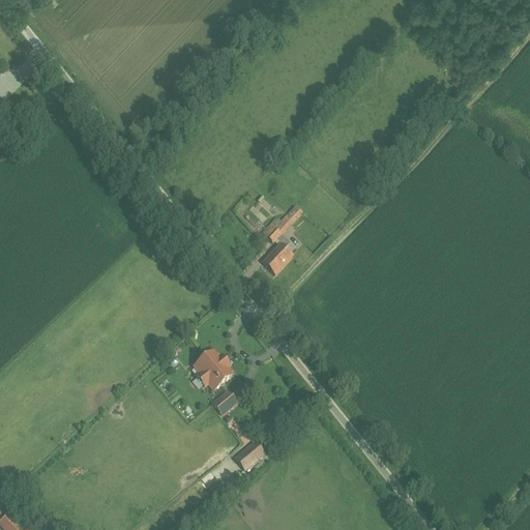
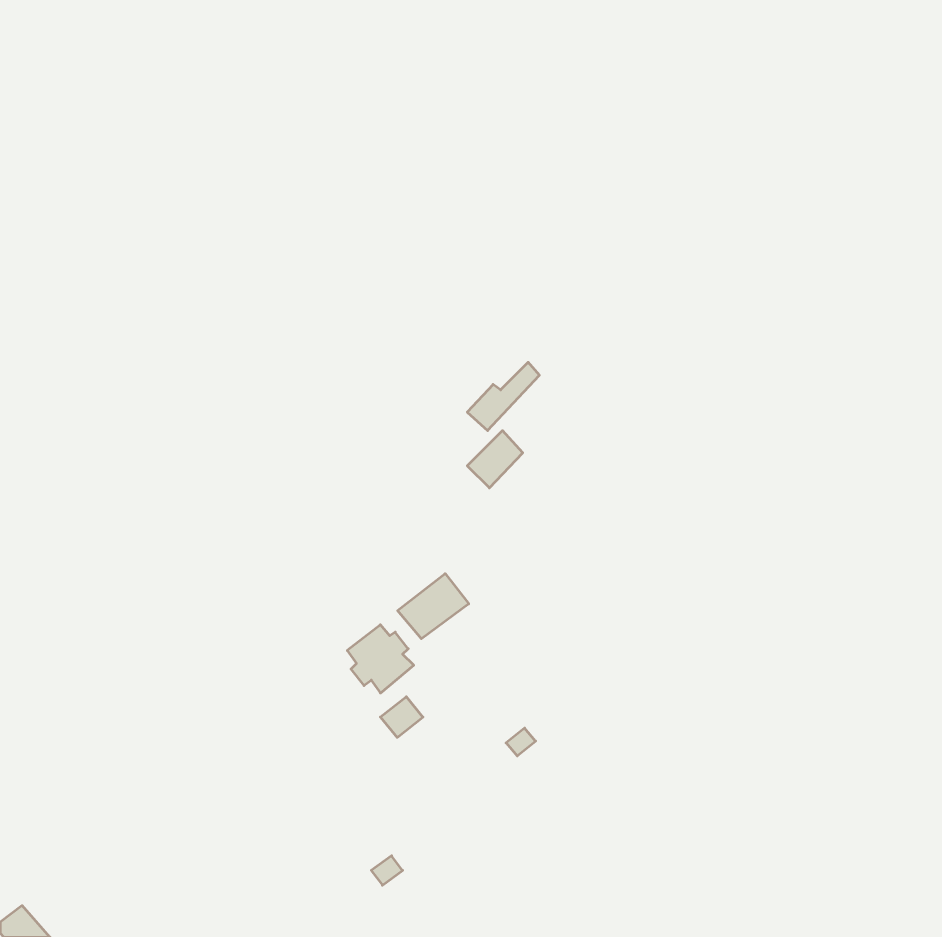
building: none -> [398,574,469,639]
building: [237,440,266,468] -> none

